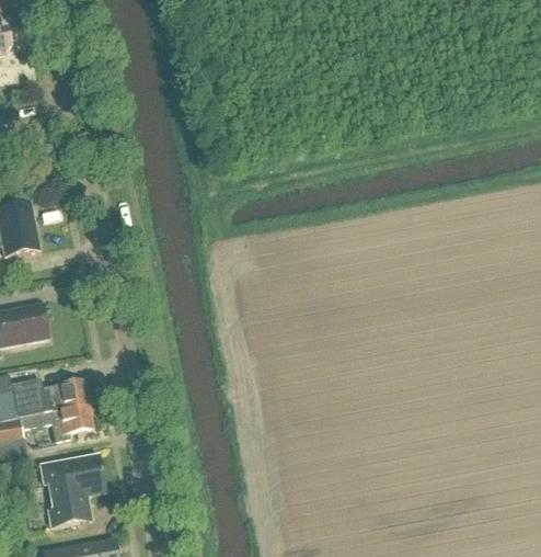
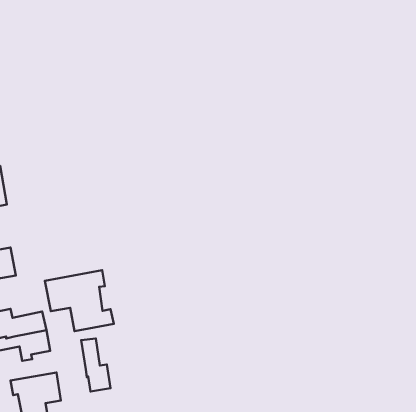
building: none -> [45,270,114,331]
building: none -> [81,338,111,391]

